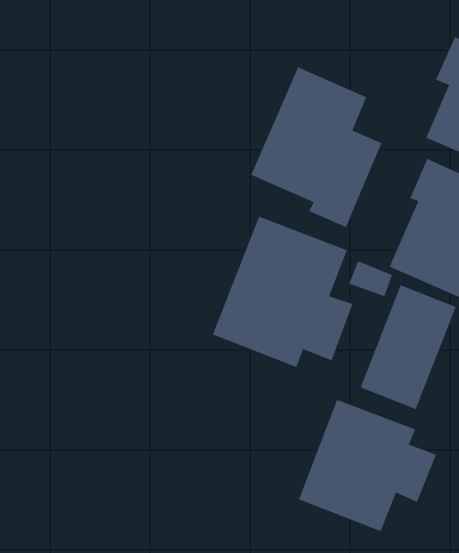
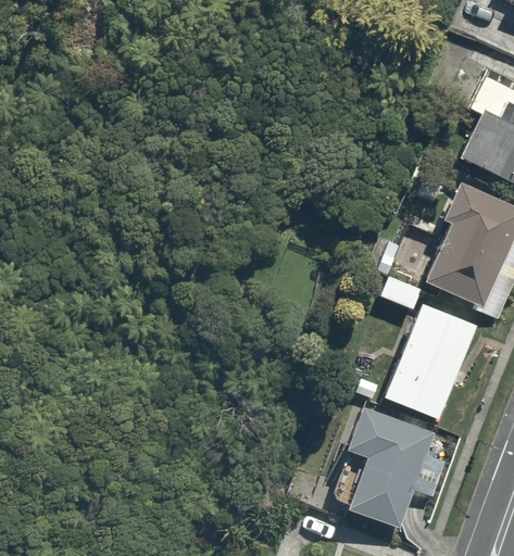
building: [250,67,382,228] -> none
building: [212,216,353,368] -> none

